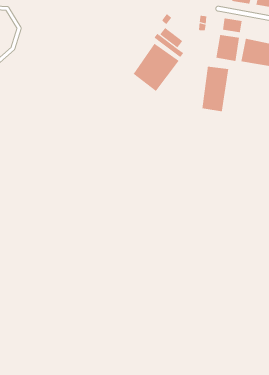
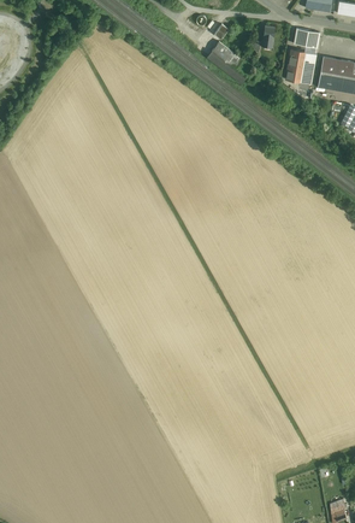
building: [133,43,179,92] -> none
building: [202,66,229,112] -> none

